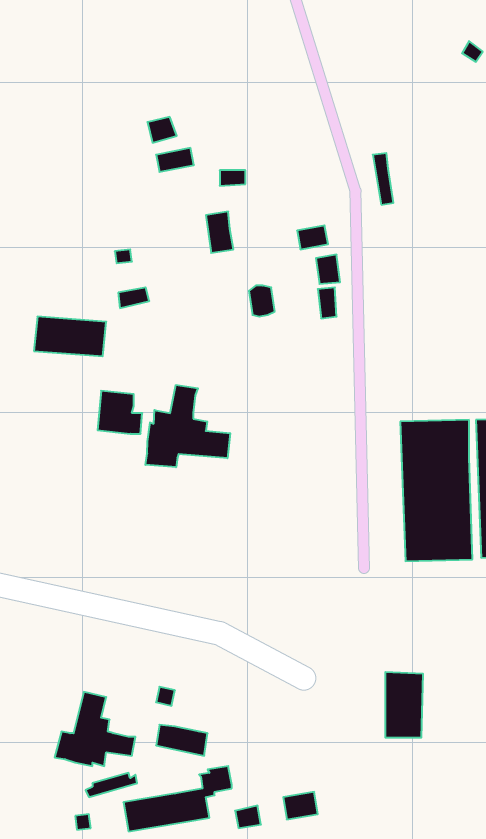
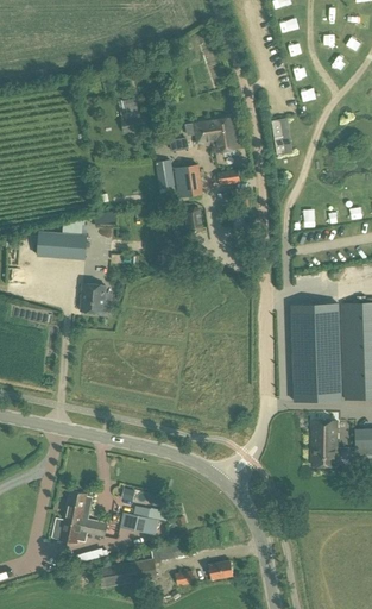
building: none -> [185,117,240,156]
building: none -> [174,164,203,197]
building: [145,385,230,467] -> none
building: [385,672,423,738] -> [311,420,338,465]

